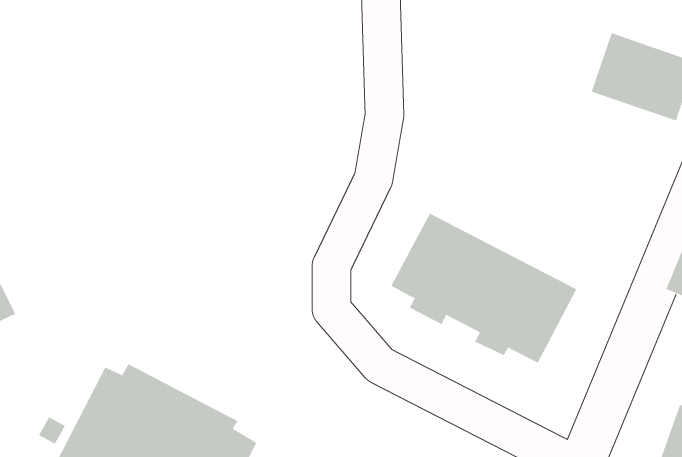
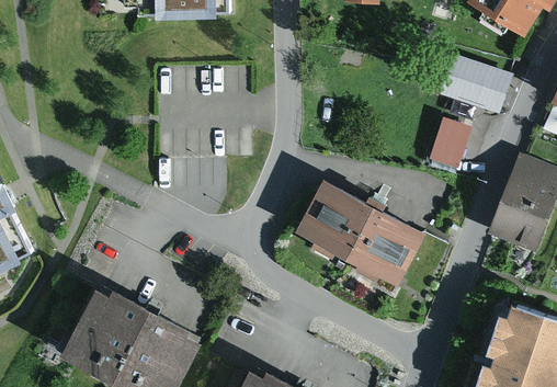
building: none -> [428,119,469,169]

